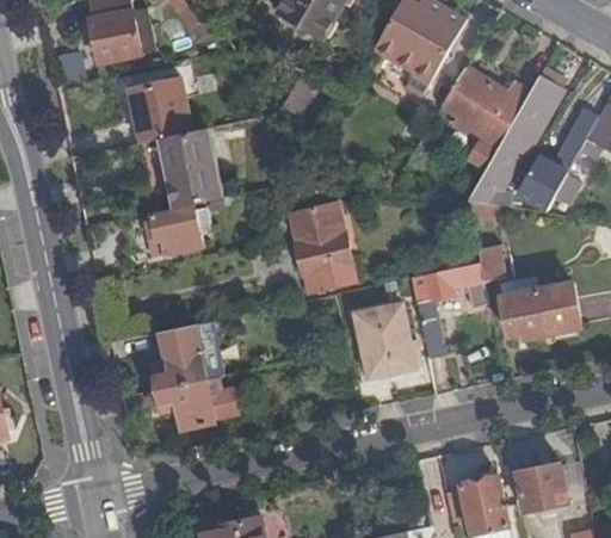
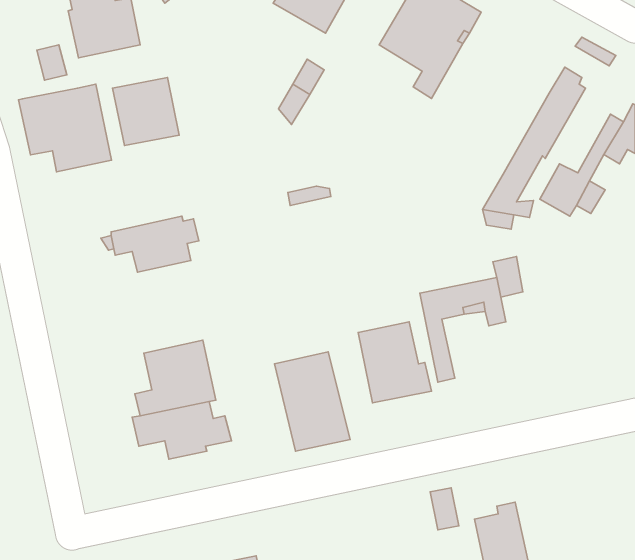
building: [443,69,529,168] -> none
building: [137,129,222,209] -> [19,84,111,172]
building: [289,203,358,293] -> [275,352,350,451]
building: [498,276,581,339] -> none
building: [518,464,568,509] -> none

